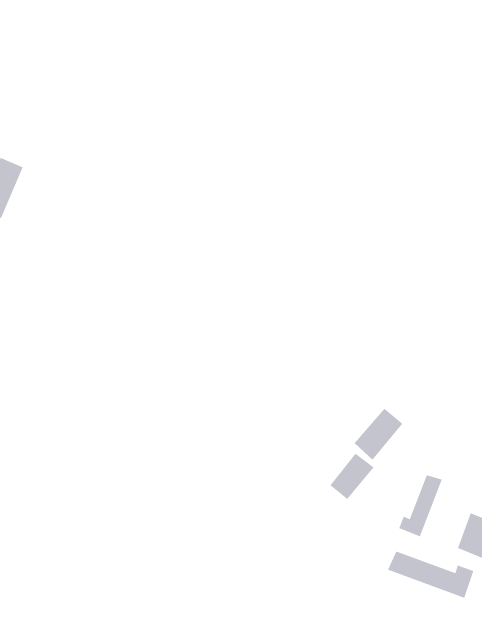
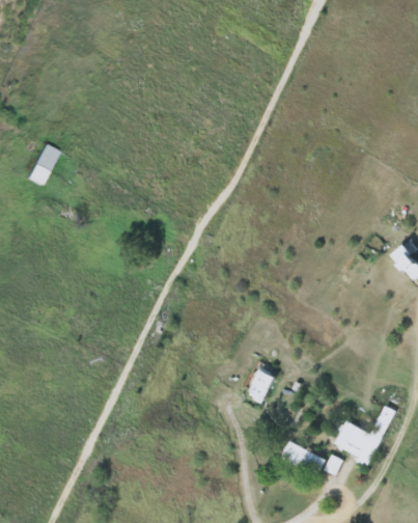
building: [354,408,403,460] -> none
building: [399,474,442,537] -> none

